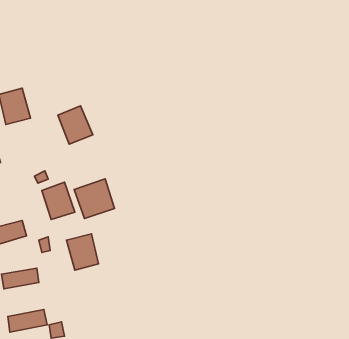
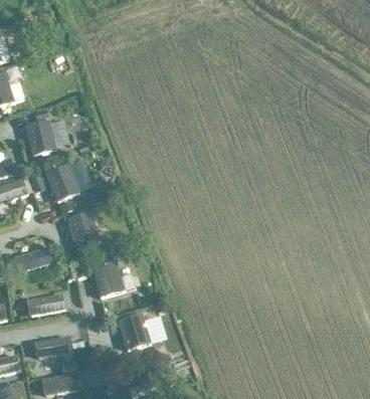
building: [58,106,93,144] -> [45,163,79,200]
building: [74,179,114,219] -> none
building: none -> [119,315,151,353]

